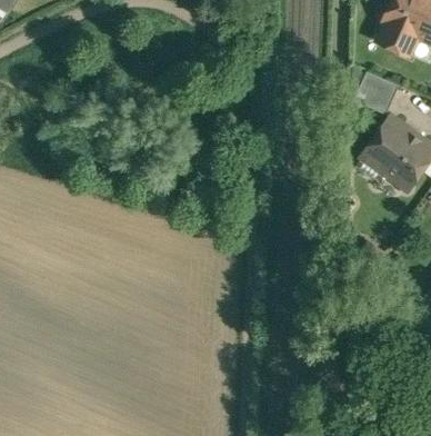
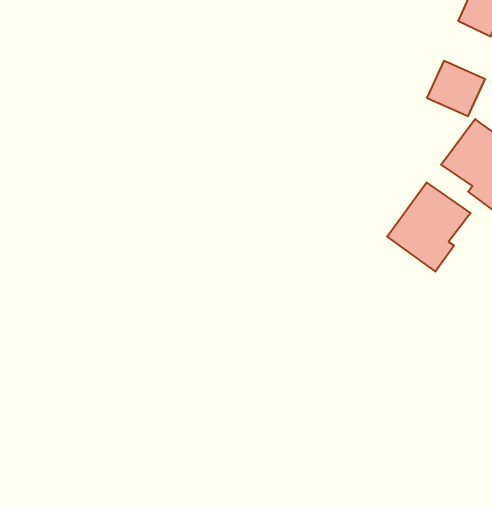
building: none -> [387,182,471,272]

